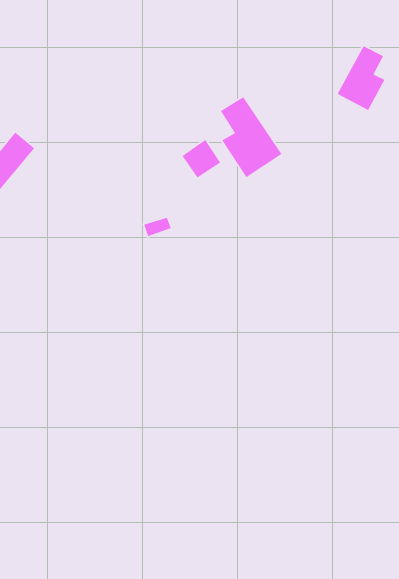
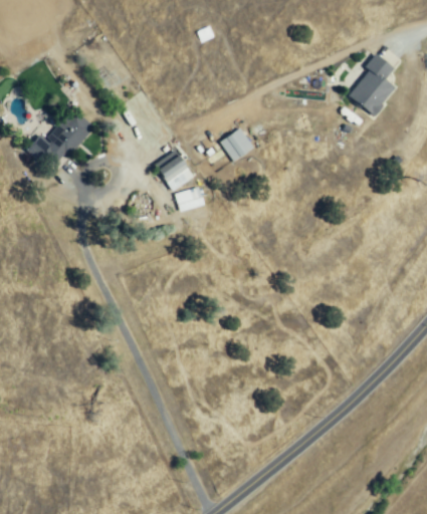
building: [220,96,282,178] -> none
building: none -> [158,151,195,190]

